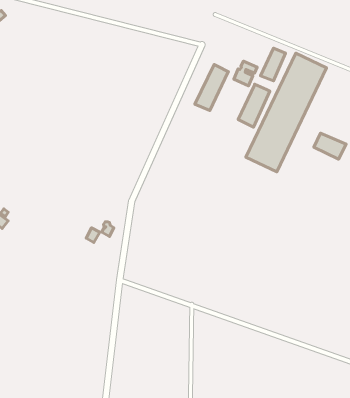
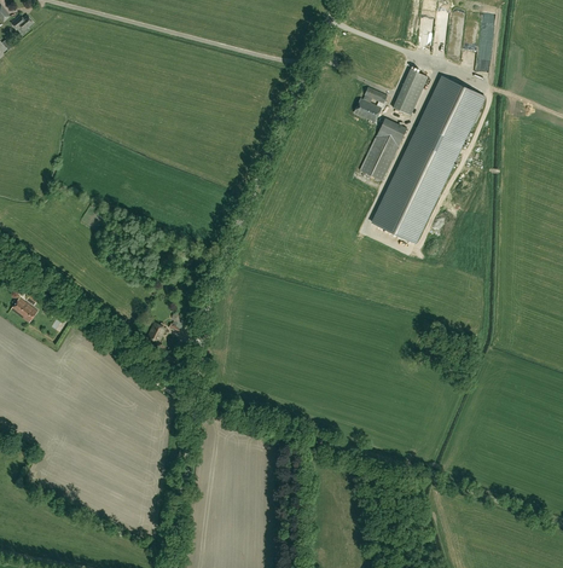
building: [195,65,229,111] -> none
building: [314,133,346,159] -> none

